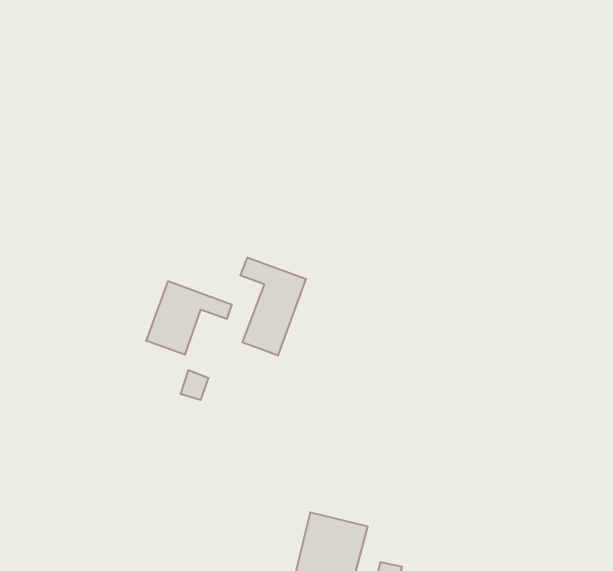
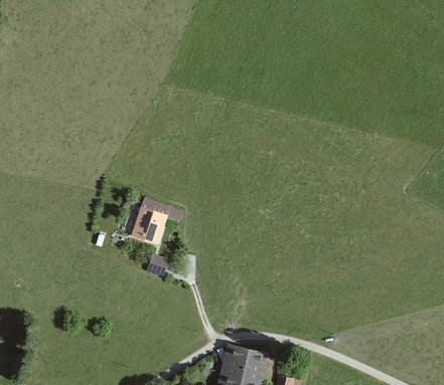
building: [240,258,306,356] -> none

